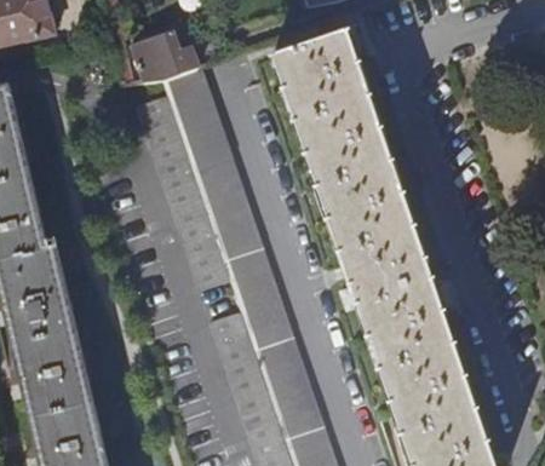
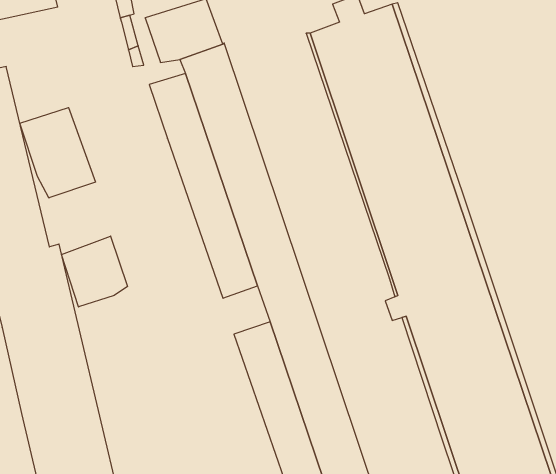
building: none -> [20,108,95,198]
building: none -> [62,236,128,307]

